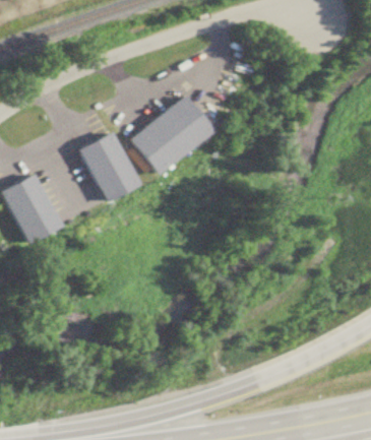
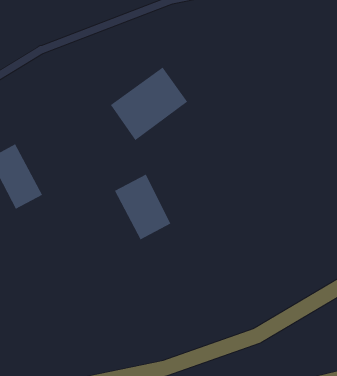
building: [81,136,141,205] -> [114,174,172,240]

